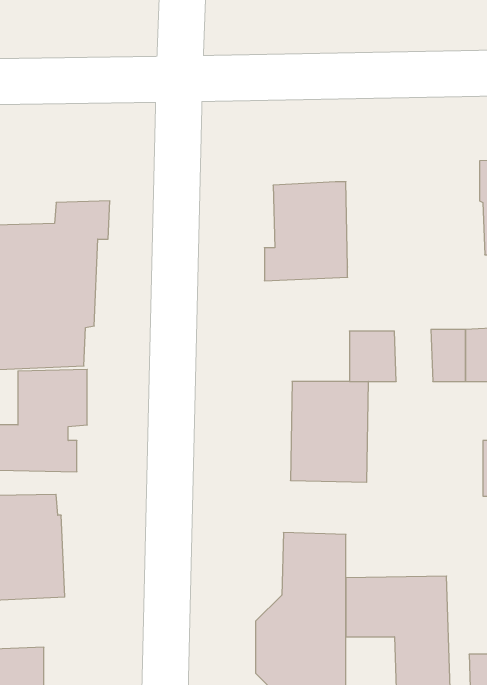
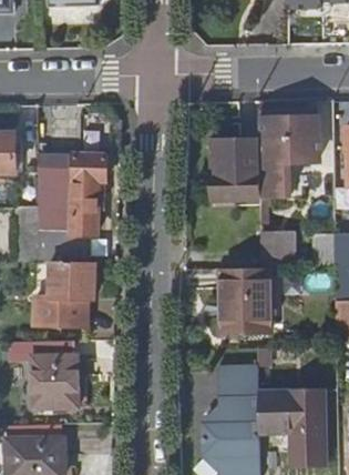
building: none -> [258,117,317,194]

